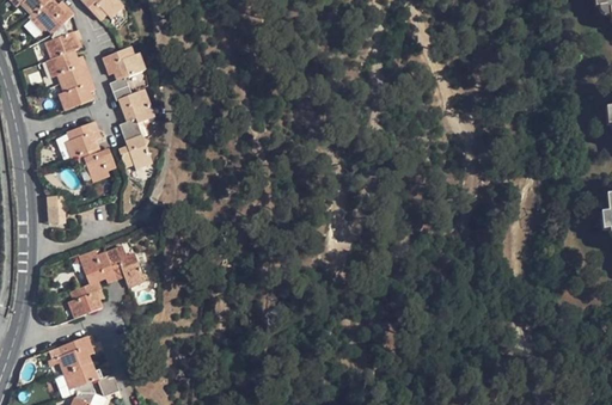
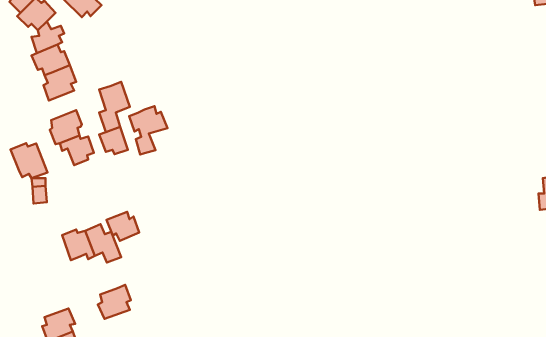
building: [104,47,146,99] -> [129,106,167,154]
building: none -> [11,143,48,178]
building: none -> [106,212,139,241]
building: [68,281,104,318] -> [98,285,131,319]

